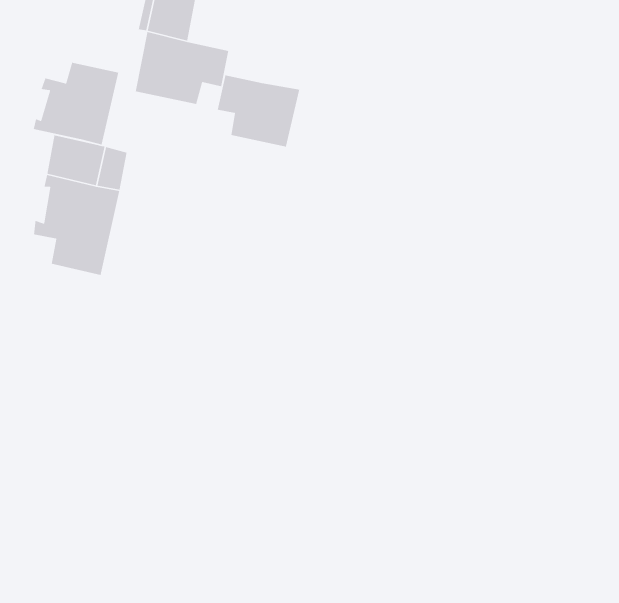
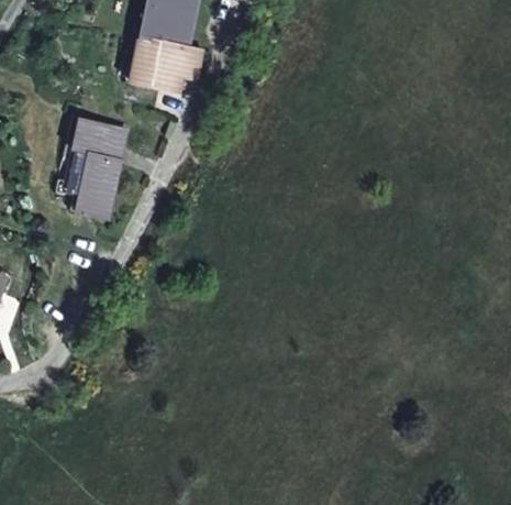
building: [33,62,119,146] -> none
building: [217,75,300,147] -> none

